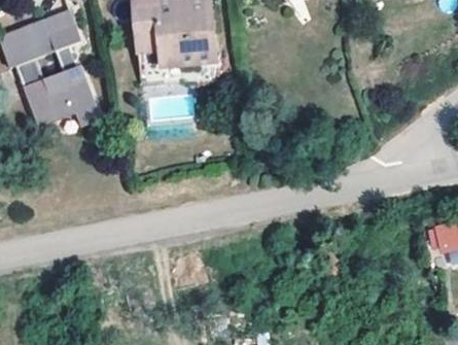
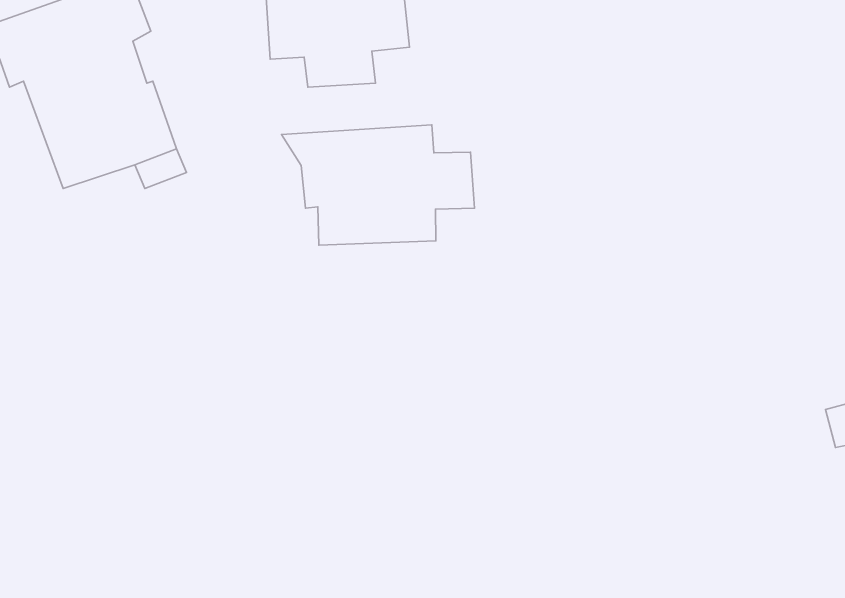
building: none -> [282,125,475,245]

